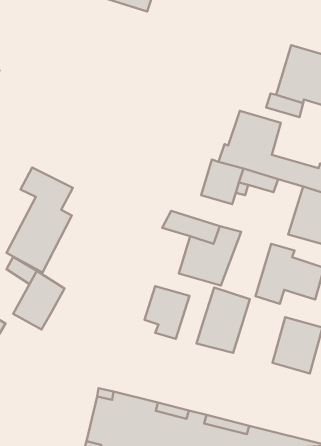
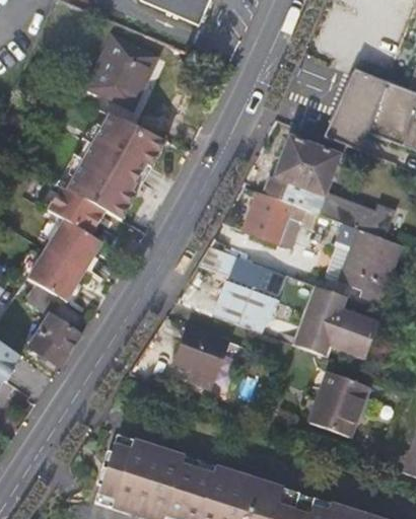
building: none -> [70,36,159,110]
building: none -> [55,109,164,221]
building: [196,288,250,353] -> none

